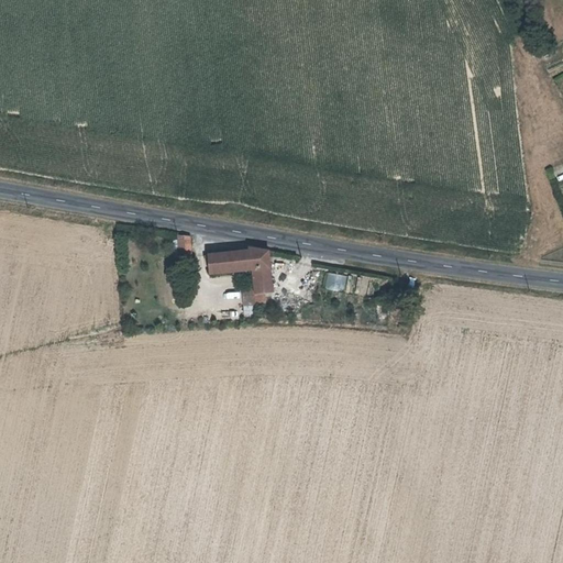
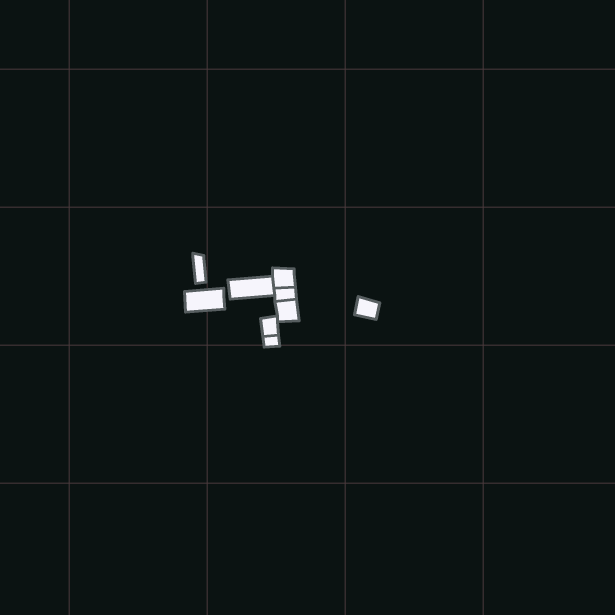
building: none -> [184,288,225,312]

